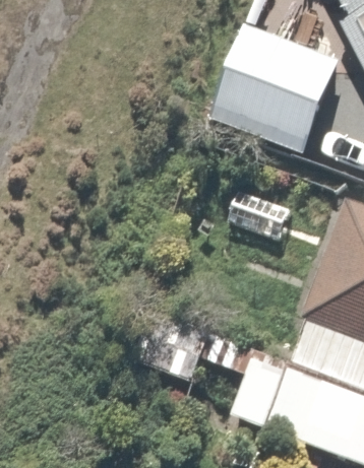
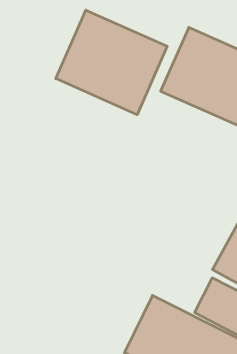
building: none -> [56,10,167,115]

